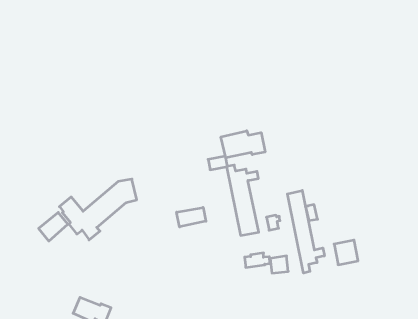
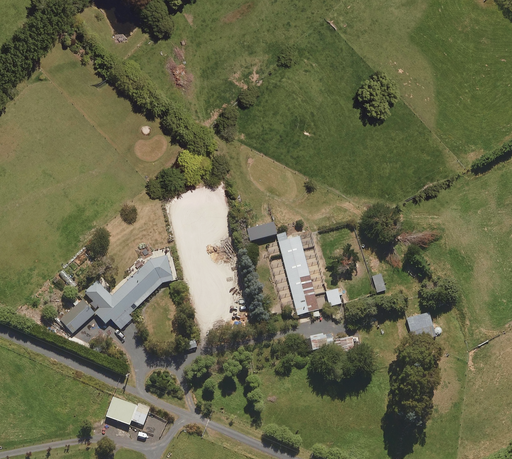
building: [221,131,265,158] -> none
building: [287,190,324,273] -> none
building: [177,207,206,227] -> none

